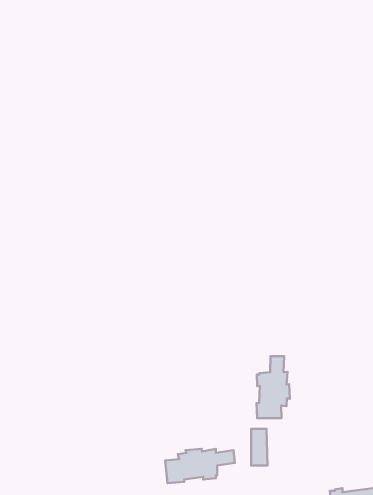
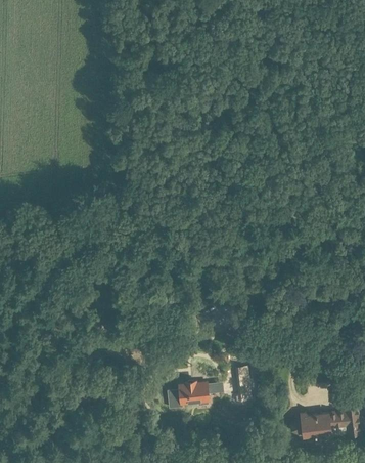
building: [257,356,290,418] -> none

